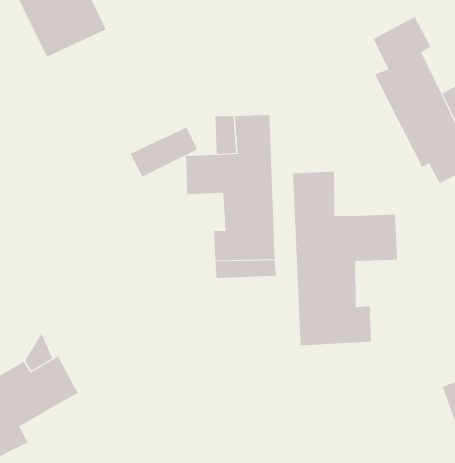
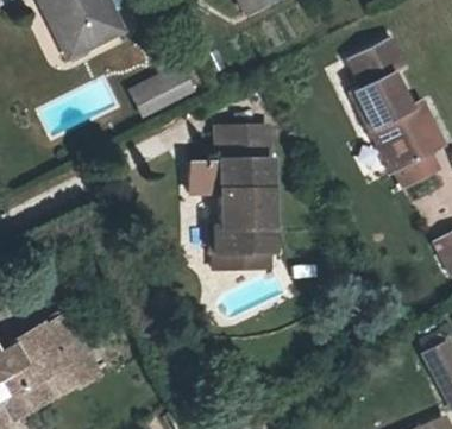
building: [130,127,198,178] -> [132,57,193,102]
building: [293,171,398,346] -> none

